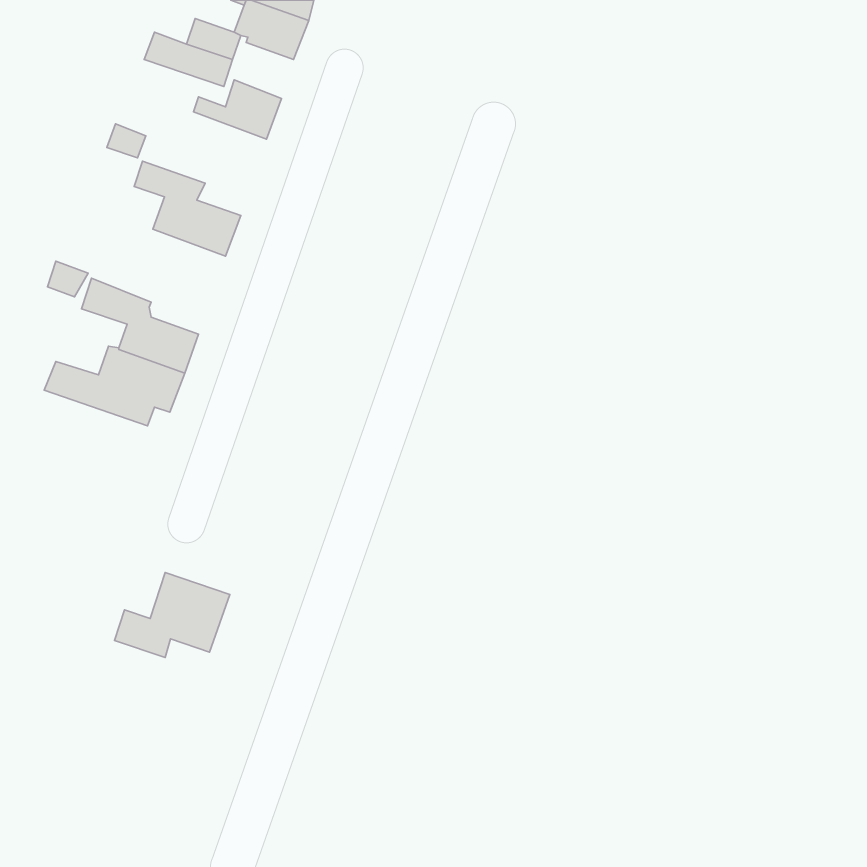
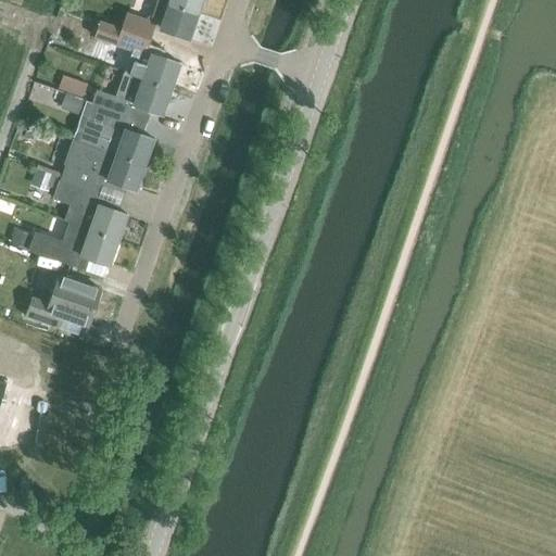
building: none -> [91,72,170,117]
building: none -> [71,141,144,190]
building: [114,573,230,657] -> [25,274,99,328]

